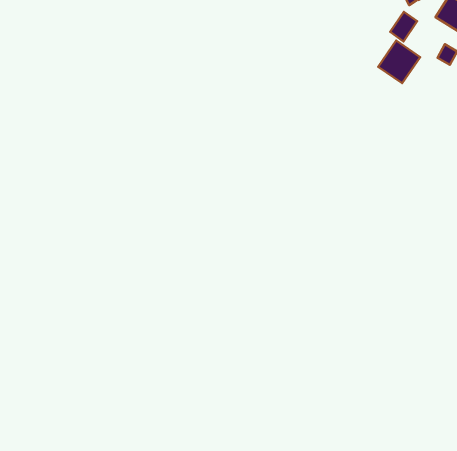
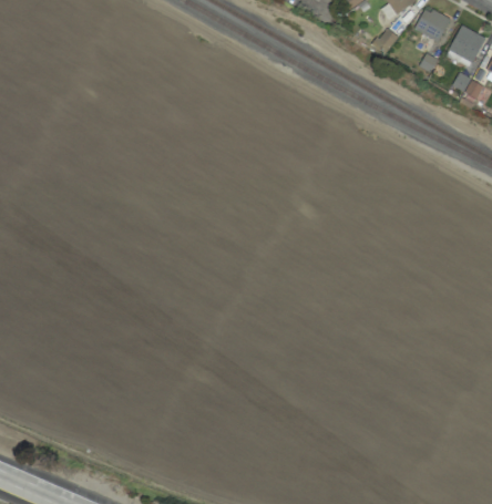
building: [378,41,420,83] -> none

